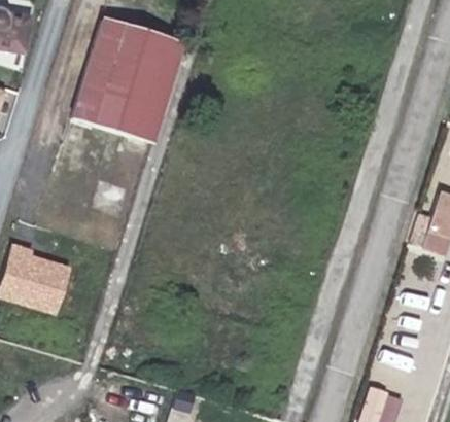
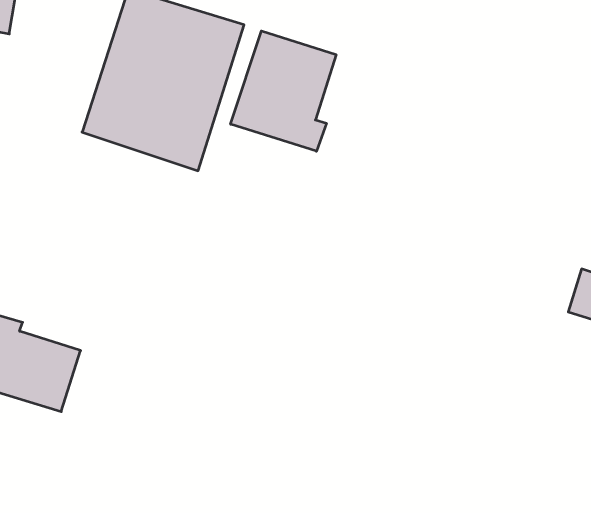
building: none -> [231,31,336,151]

